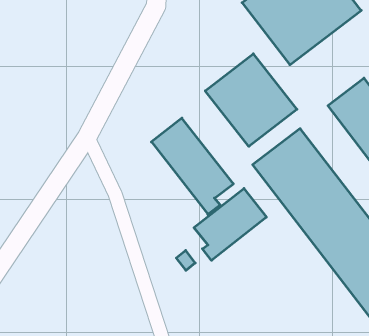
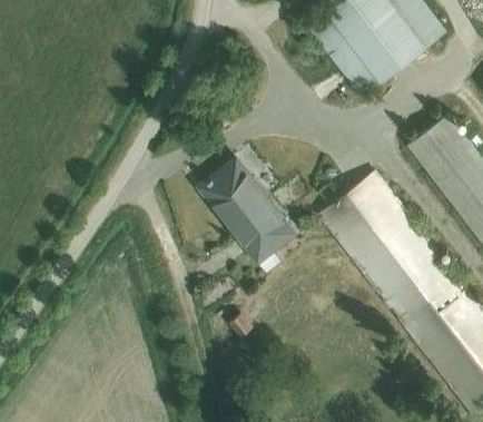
building: [205,54,297,146] -> none
building: [194,188,266,260] -> none

